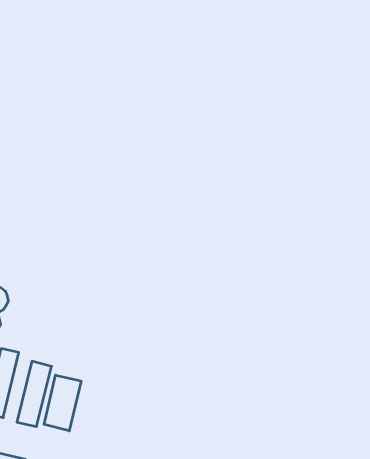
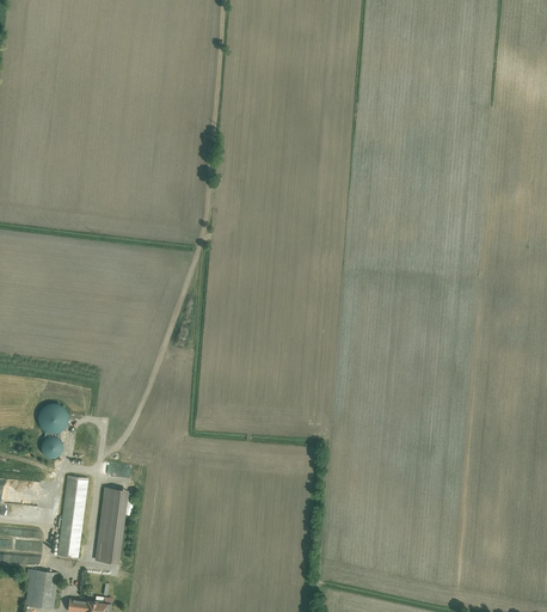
building: [44,375,81,431] -> none

